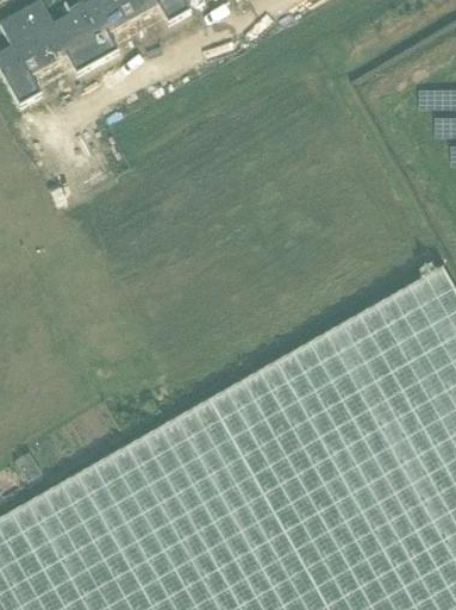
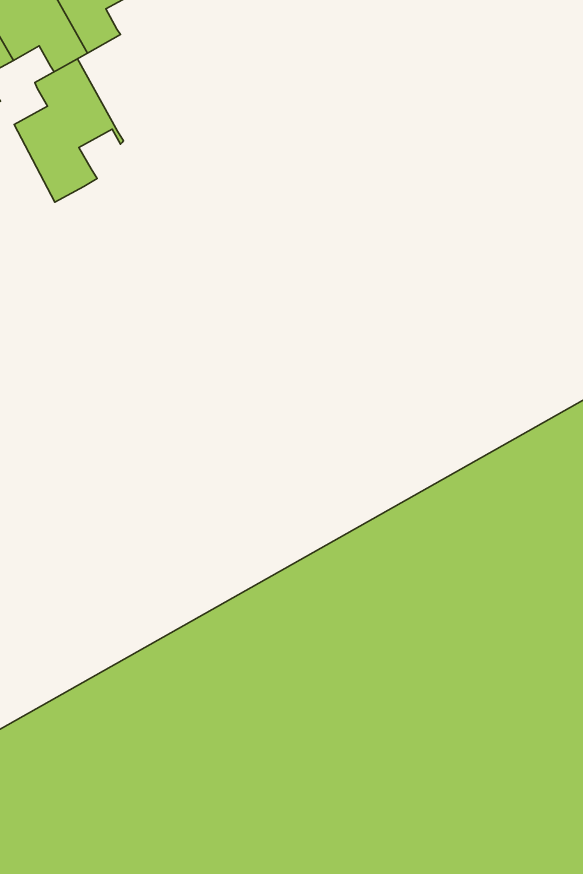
building: none -> [14,59,123,202]

